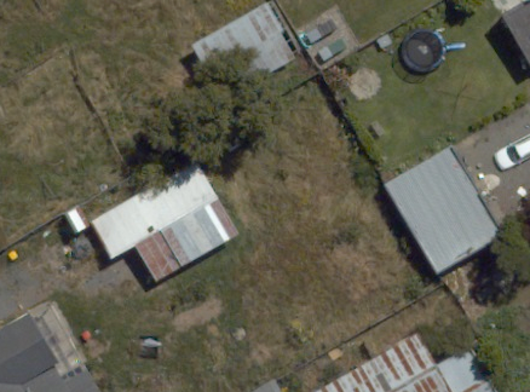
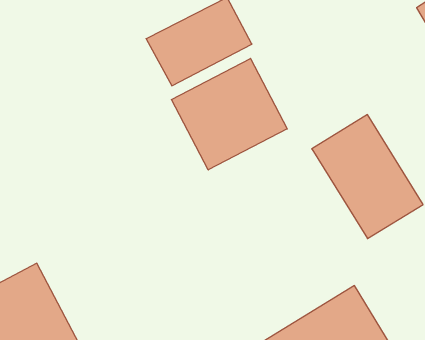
building: none -> [171,58,287,170]
building: [86,166,238,281] -> none

